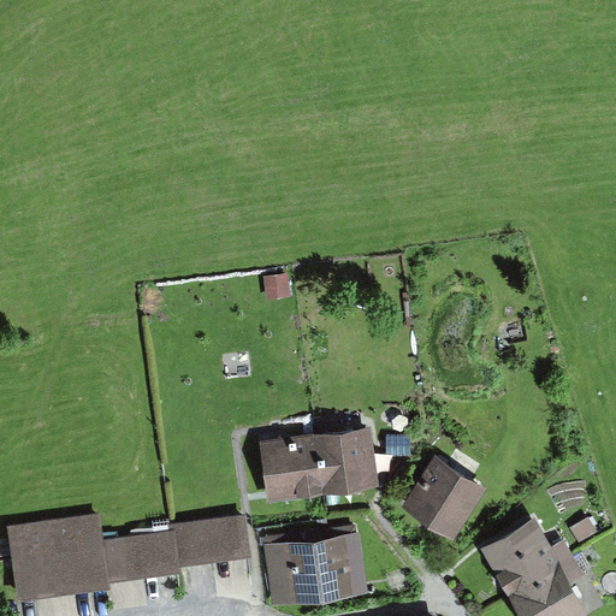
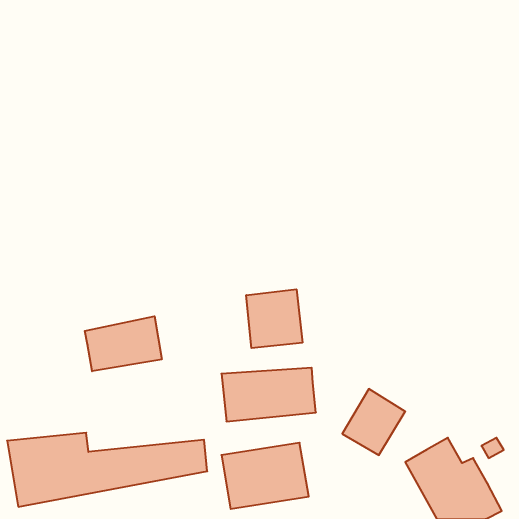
building: none -> [246,289,302,348]
building: none -> [85,316,162,371]

